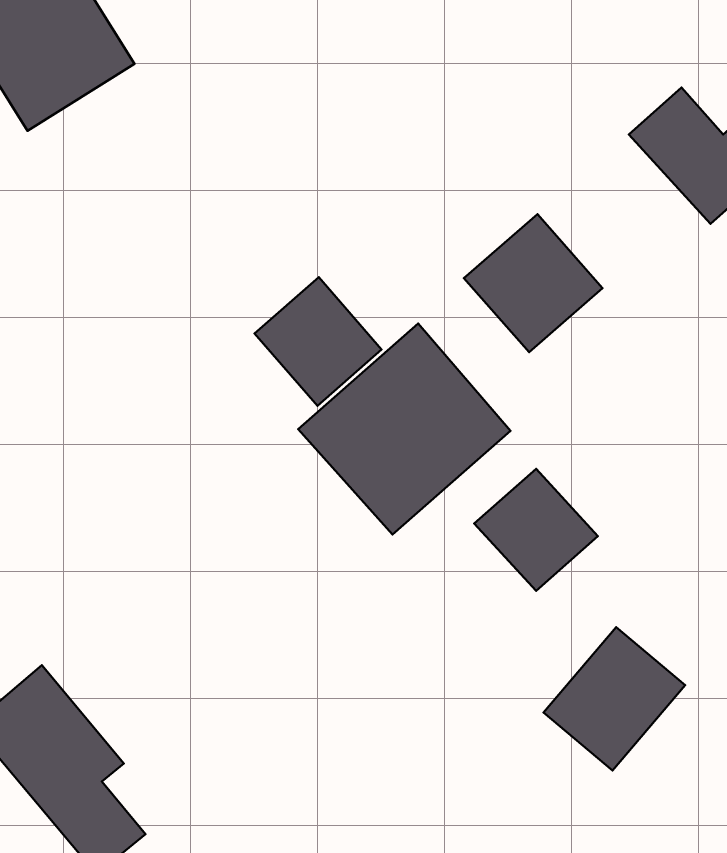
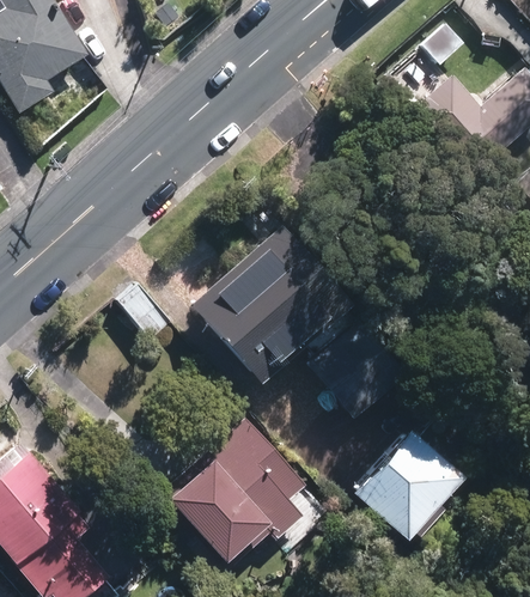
building: [464,214,603,352] -> none
building: [255,277,382,406] -> none
building: none -> [171,427,294,550]

